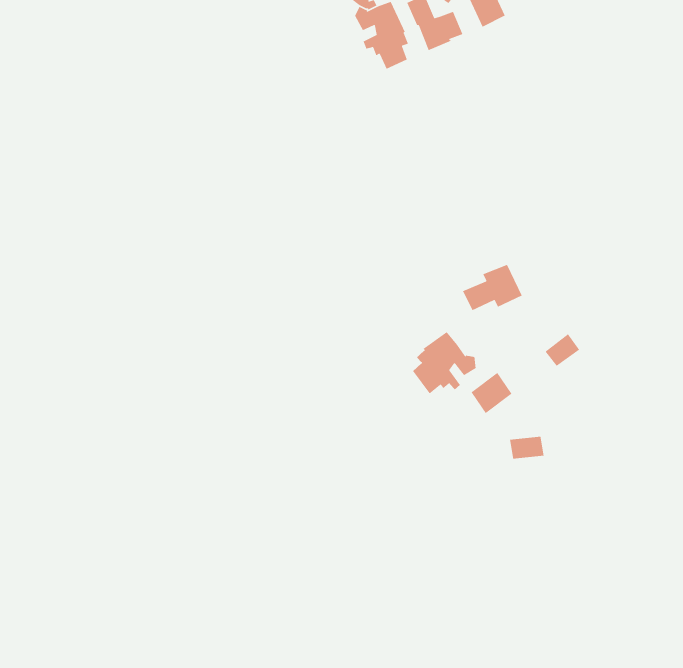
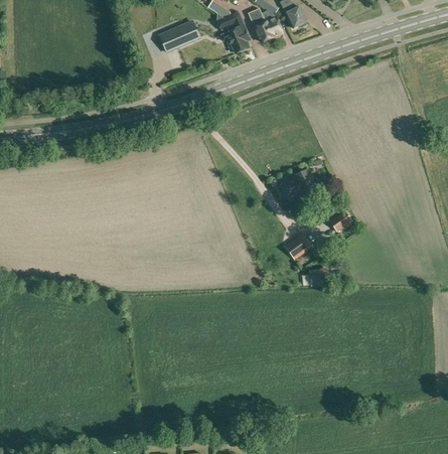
building: none -> [159,24,192,51]
building: [412,331,477,394] -> none

